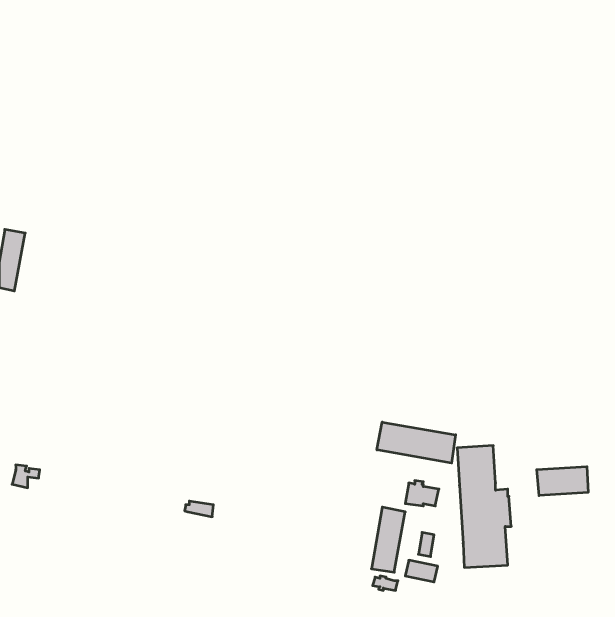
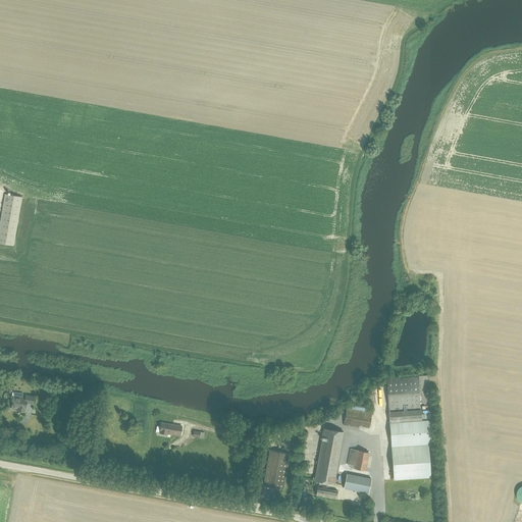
building: [377,422,456,463] -> none
building: [537,467,588,496] -> none
building: none -> [262,450,289,488]

